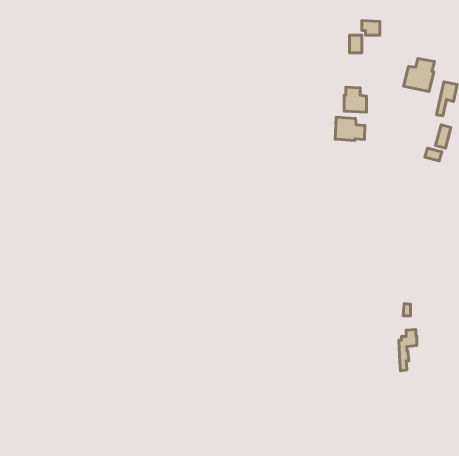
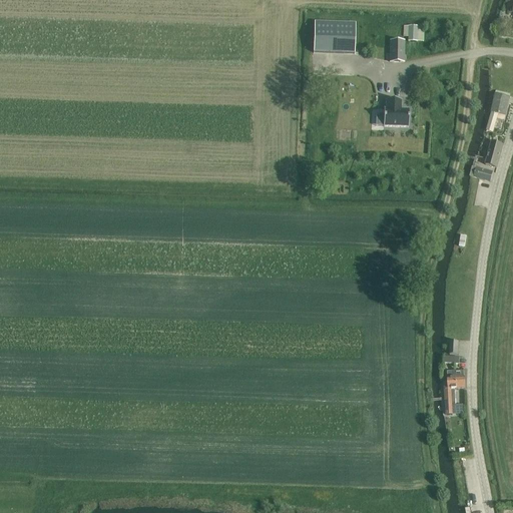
building: none -> [314,19,356,52]
building: [403,59,434,92] -> none
building: [335,117,365,140] -> none

